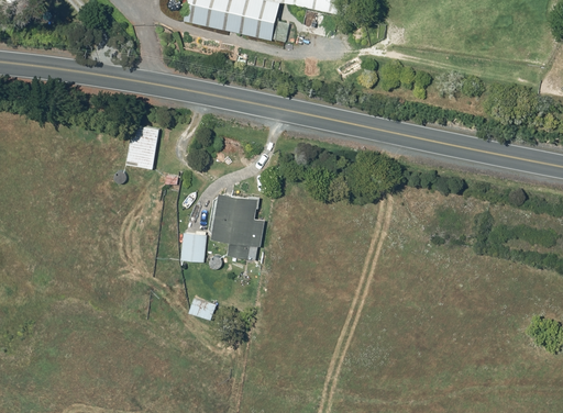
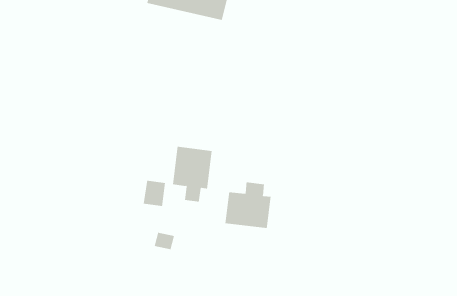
building: [128,124,158,165] -> none
building: none -> [225,181,271,229]

